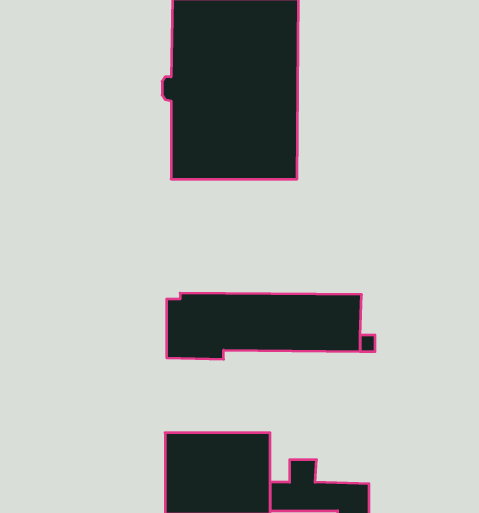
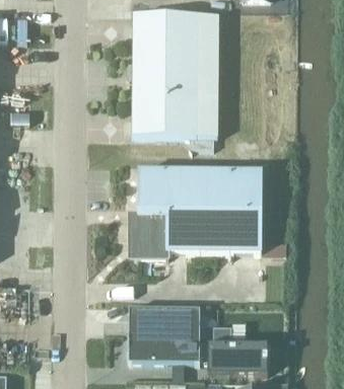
building: none -> [138,169,261,214]

